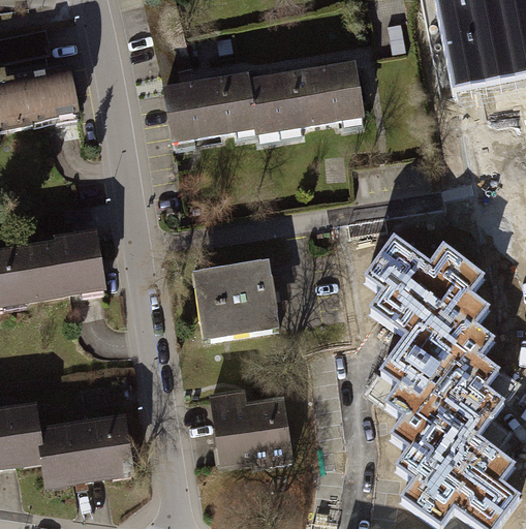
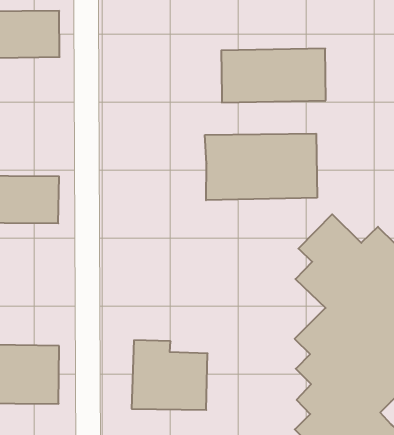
building: [162,74,255,144] -> none
building: none -> [205,134,317,200]
building: [190,255,283,341] -> none

